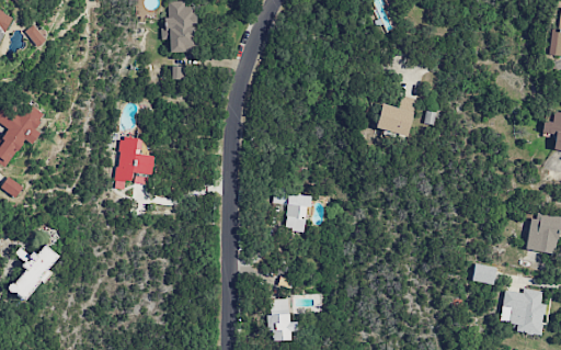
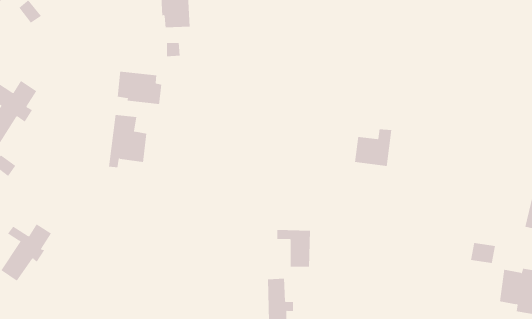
building: none -> [117,71,162,105]
building: [378,97,415,134] -> [354,129,392,167]
building: [274,194,308,232] -> [276,230,311,267]

